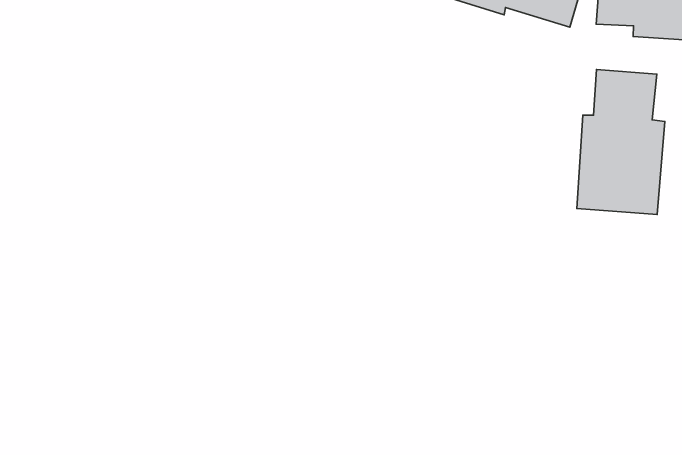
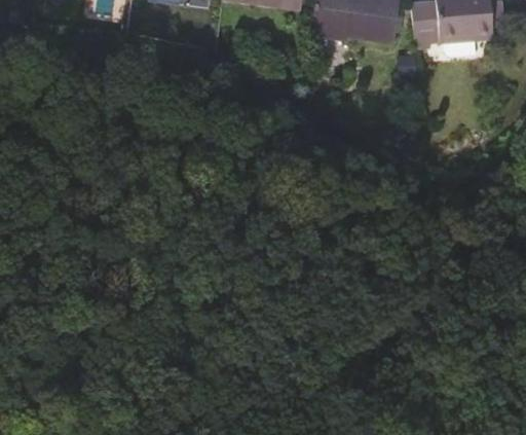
building: [577,69,665,215] -> none

